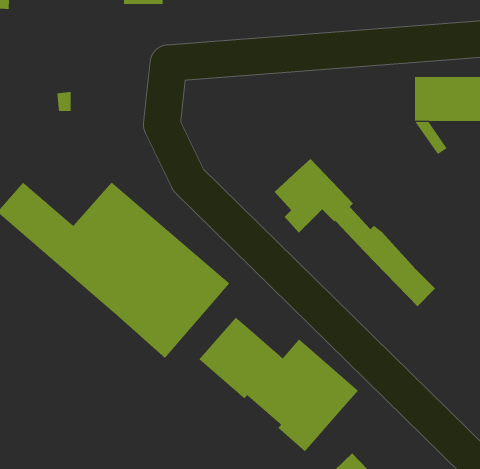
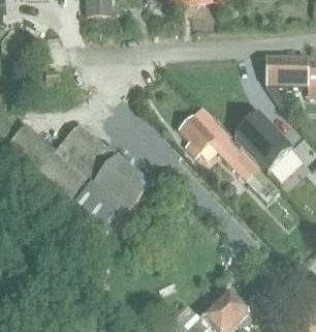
building: none -> [239,113,293,170]
building: [199,317,359,452] -> none

